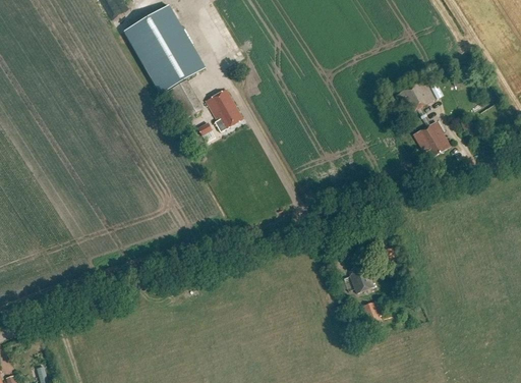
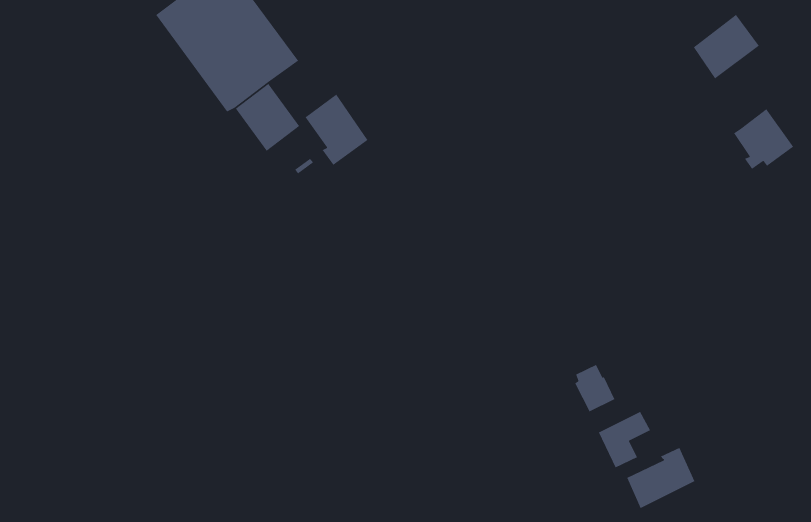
building: [397,76,437,114] -> [693,14,760,79]
building: [413,121,449,157] -> [733,108,794,170]
building: none -> [626,447,695,509]

